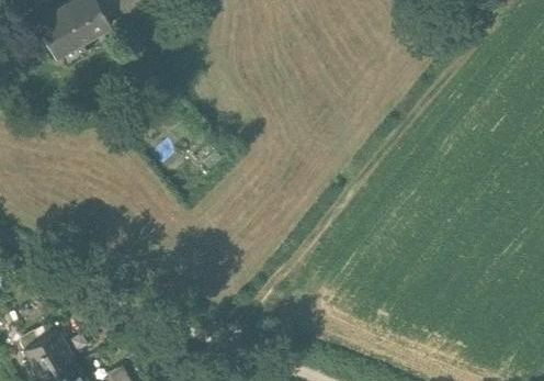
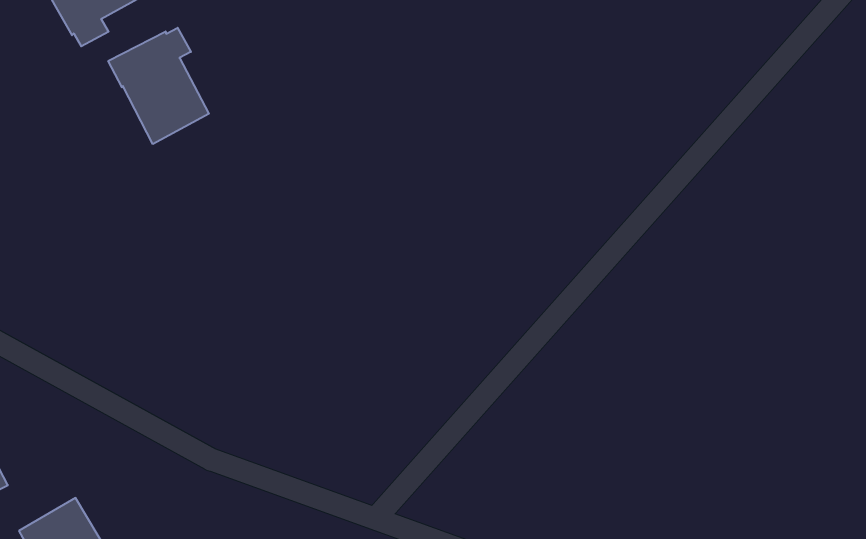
building: none -> [108,28,209,144]

